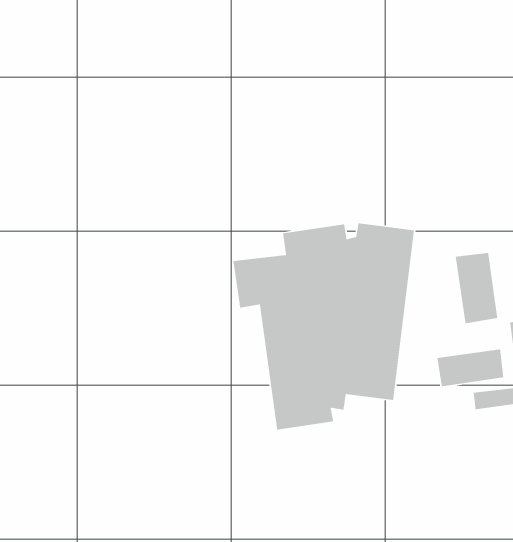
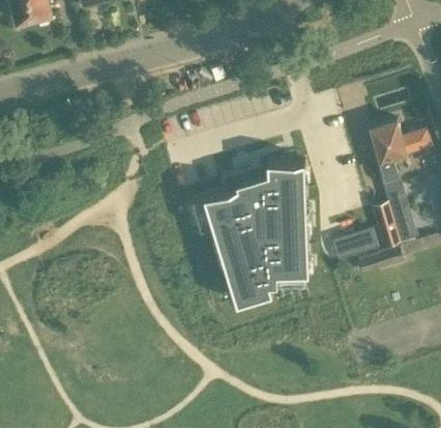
building: [455,252,498,324] -> none

